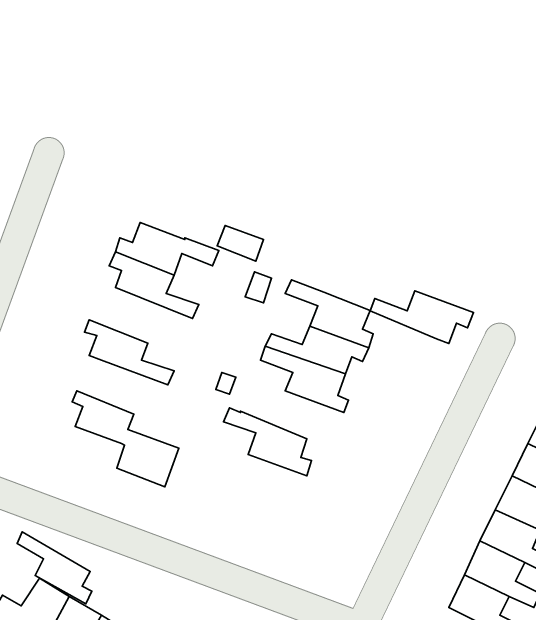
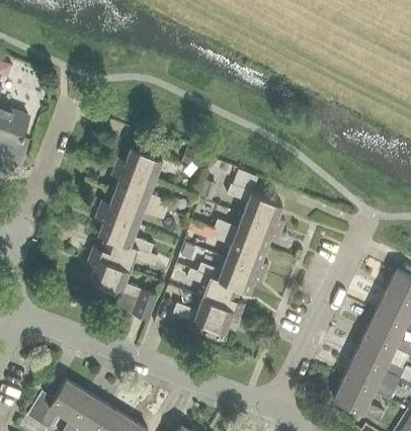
building: none -> [98,190,166,227]
building: [370,291,474,343] -> [197,258,265,292]
building: none -> [90,238,158,273]
building: none -> [173,299,241,332]
building: [17,532,92,604] -> none

